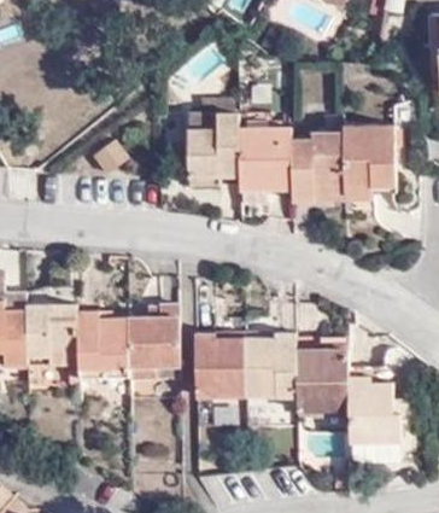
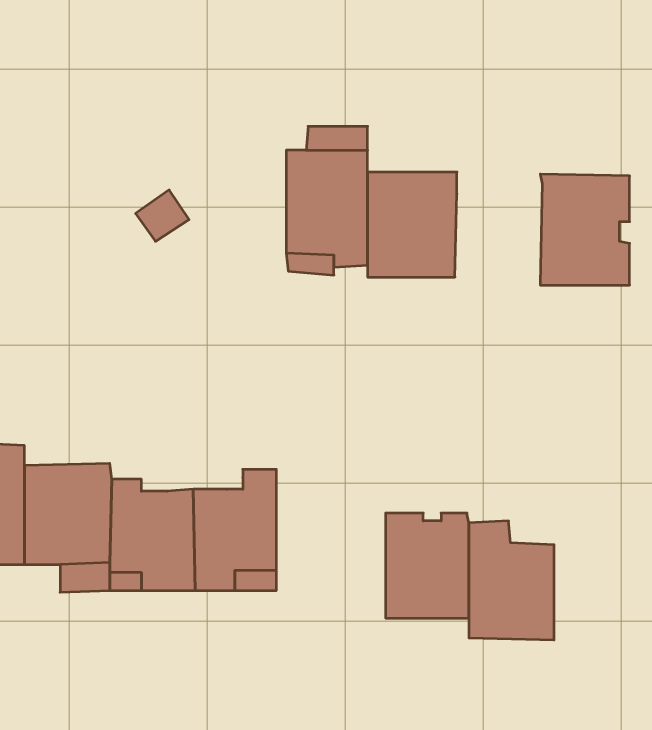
building: [288,134,341,202] -> none
building: [197,336,246,400] -> none
building: [349,372,400,443] -> none

